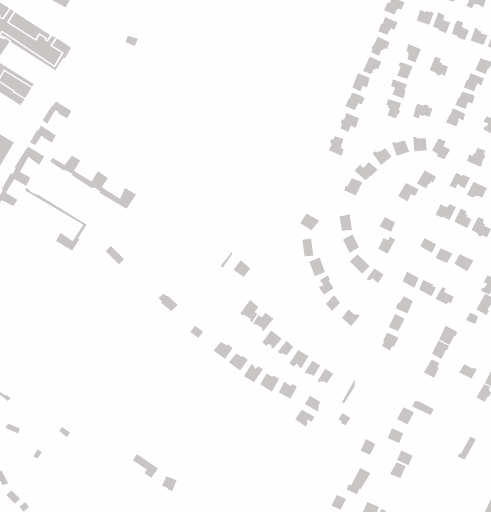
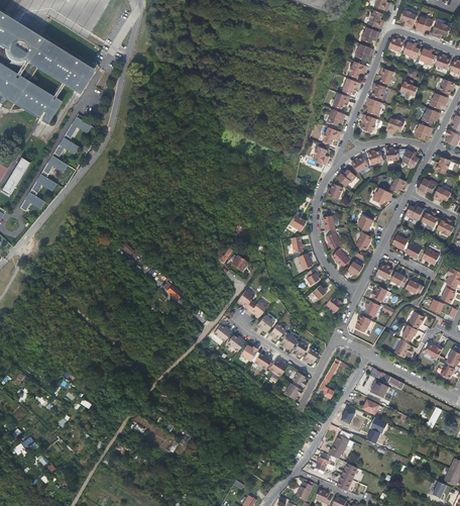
building: [49,155,137,210] -> none
building: [24,187,88,251] -> none

